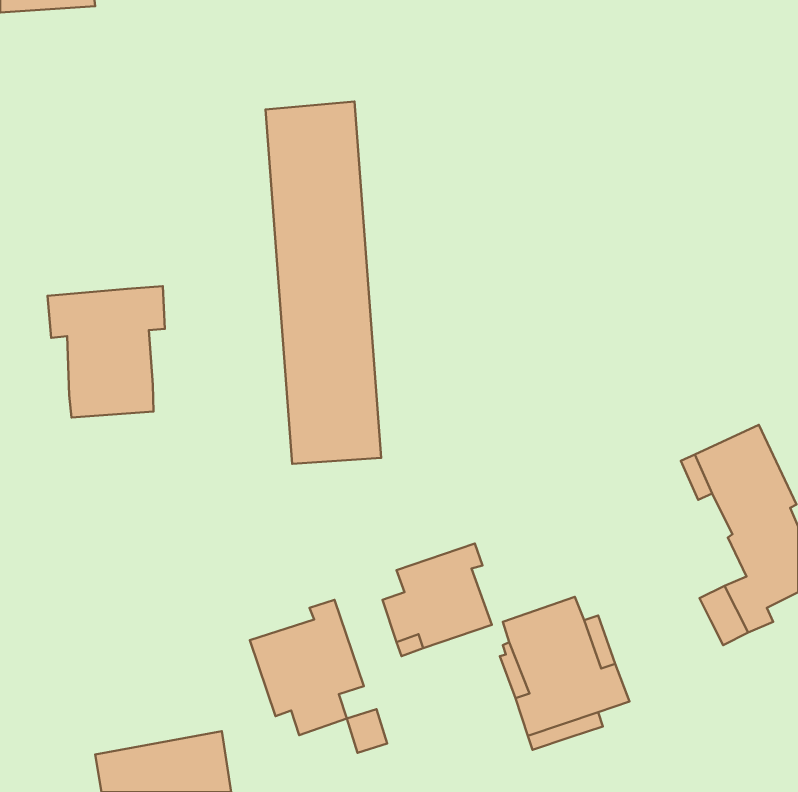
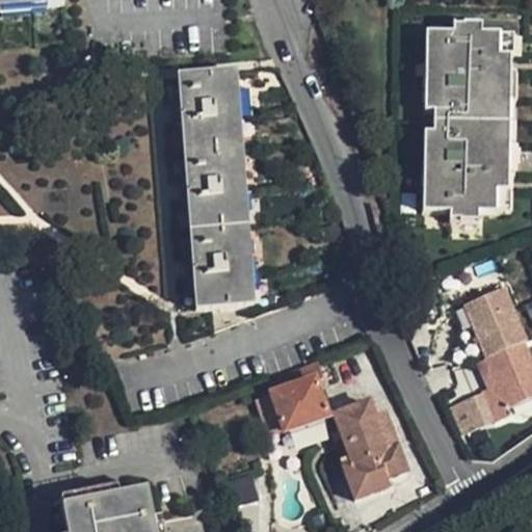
building: none -> [422,18,515,217]
building: [47,286,165,418] -> none
building: [250,600,364,735] -> none

